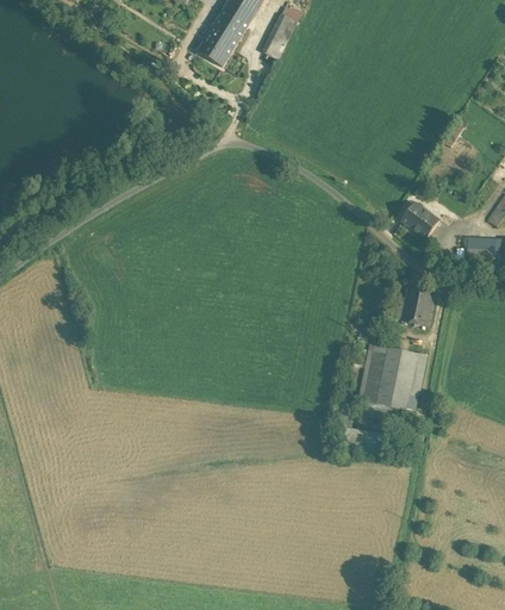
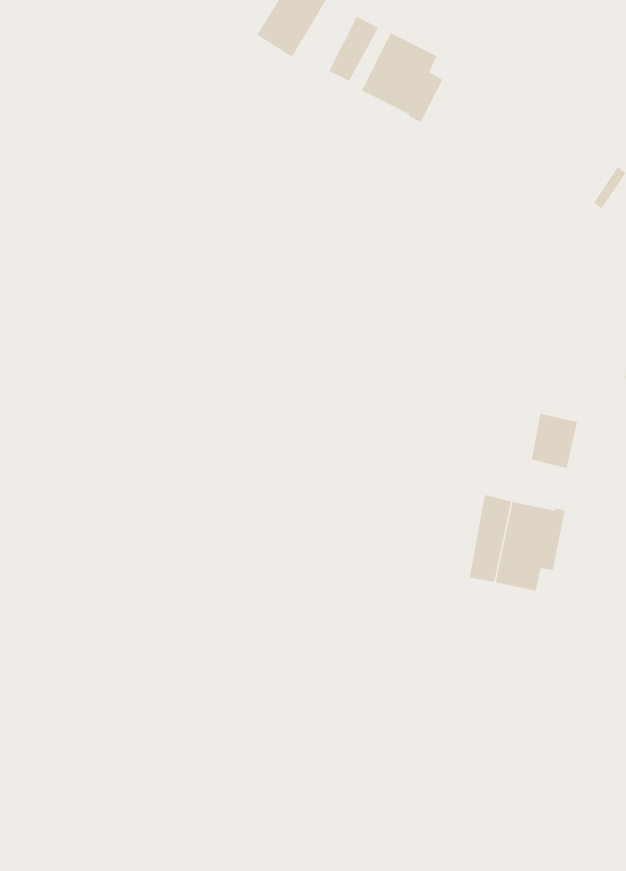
building: none -> [362,32,443,123]
building: [198,25,238,66] -> none
building: [403,201,439,236] -> none

